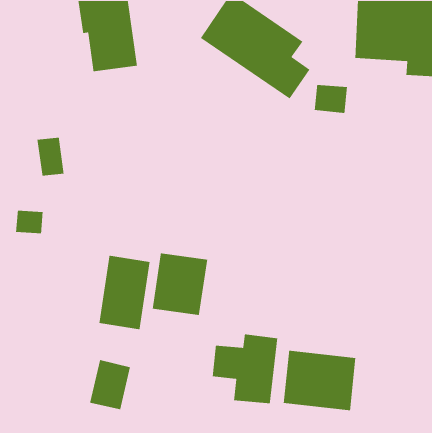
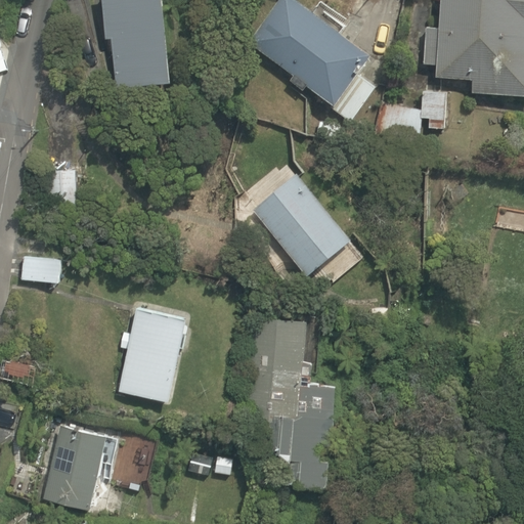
building: none -> [256,177,360,278]
building: [152,253,208,316] -> none
building: [283,350,356,411] -> none
building: none -> [41,425,106,507]

